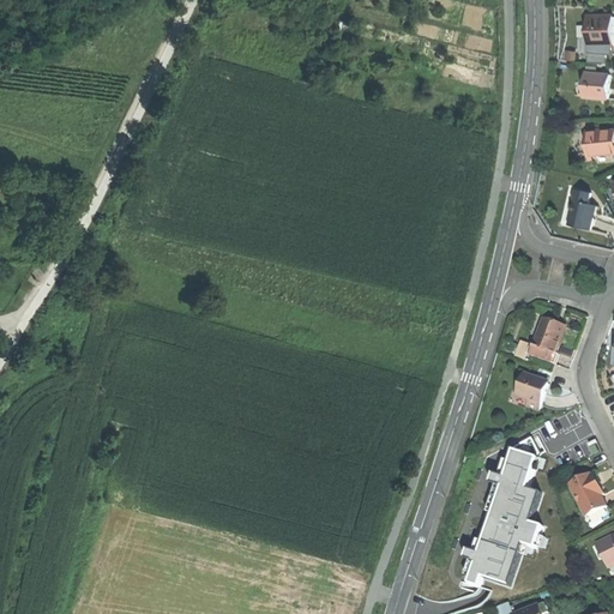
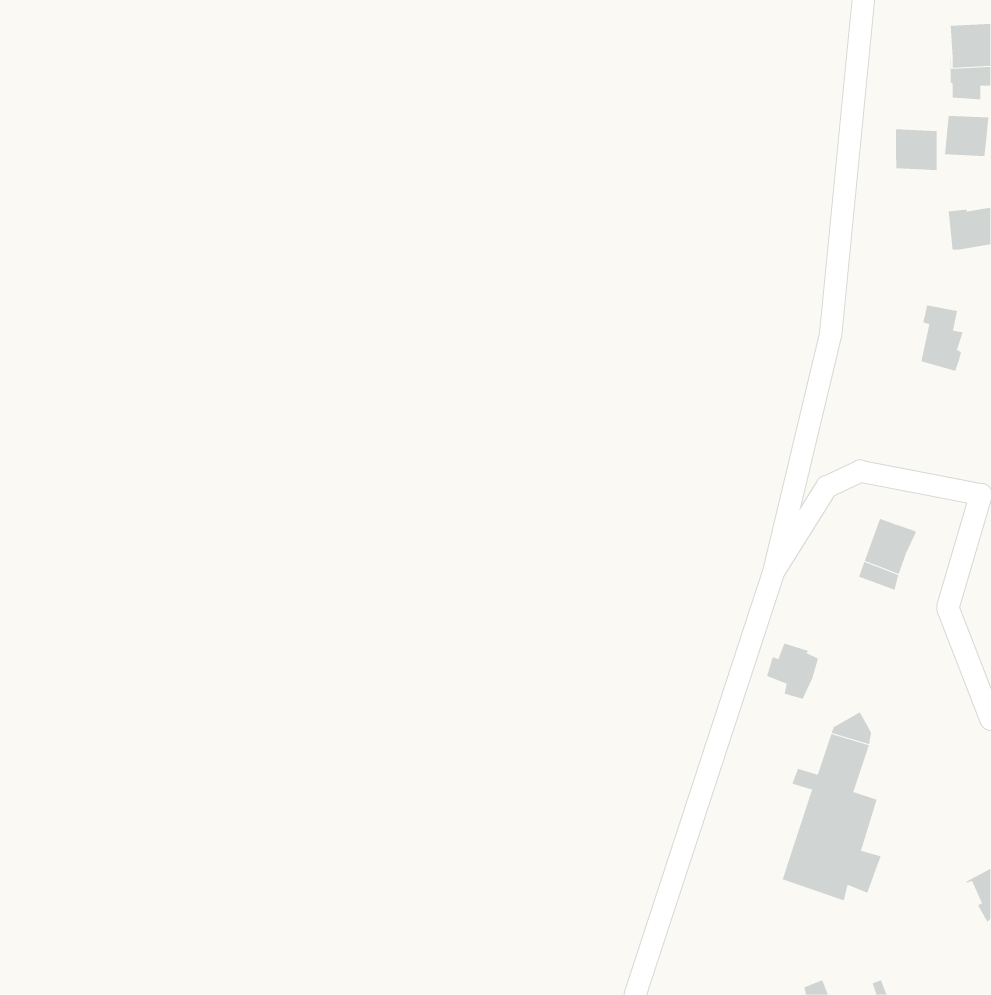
building: none -> [895,129,937,171]
building: [512,373,544,408] -> [766,643,819,700]
building: [565,471,603,516] -> none
building: [462,540,518,586] -> none

